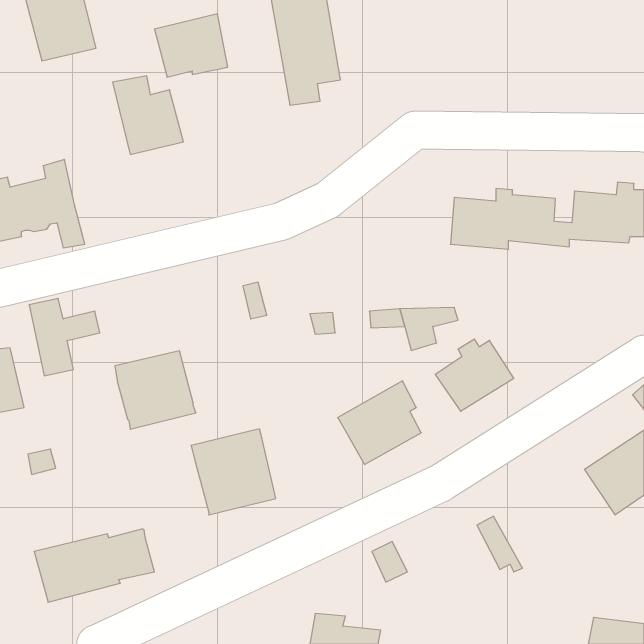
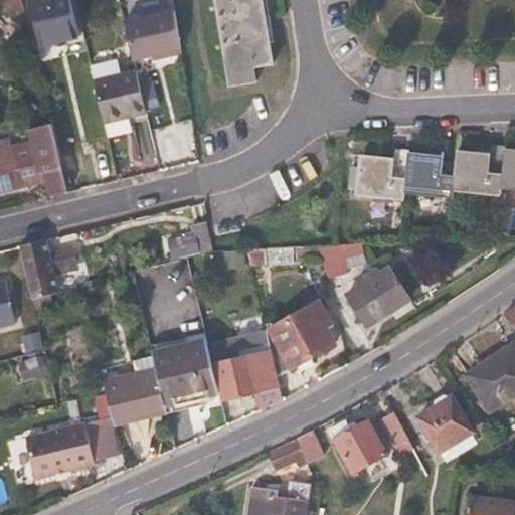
building: [115,351,196,429] -> [104,366,168,428]
building: none -> [208,331,283,408]
building: none -> [416,395,471,450]
building: none -> [328,418,386,471]
building: none -> [264,439,307,479]

